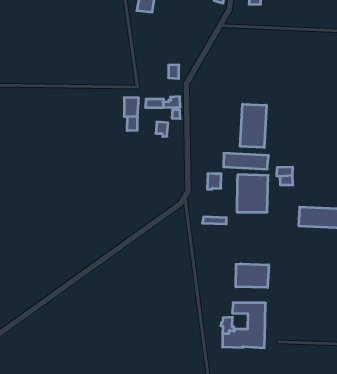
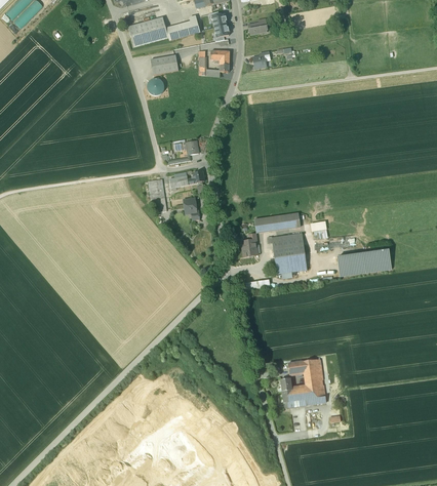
building: [240,104,266,148] -> none
building: [236,264,269,288] -> none

